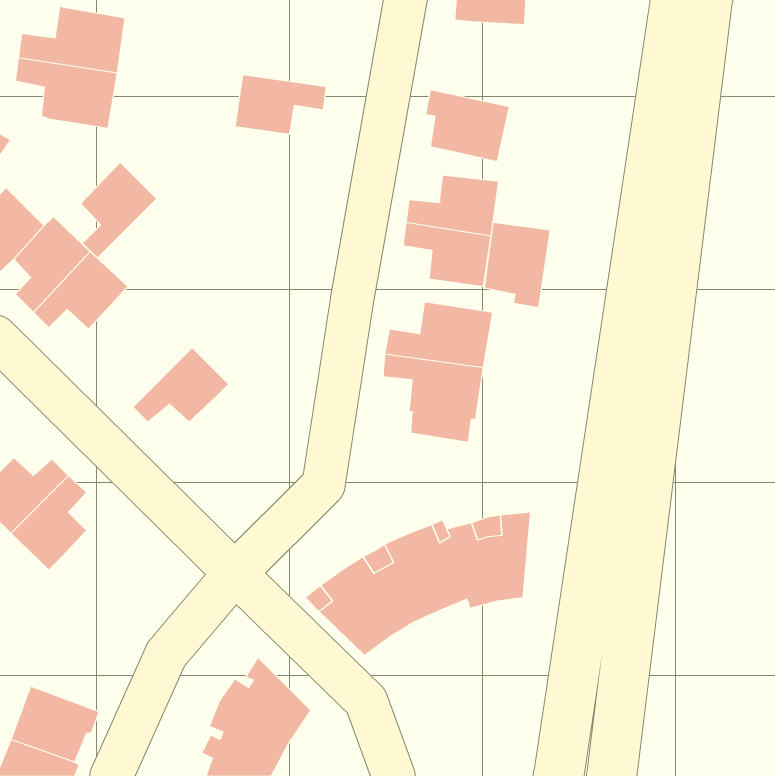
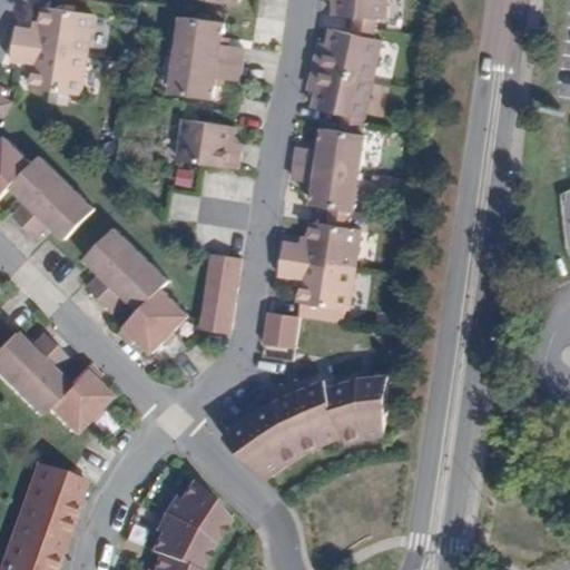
building: none -> [177,16,240,63]
building: none -> [314,28,380,78]
building: none -> [178,118,238,168]
building: [81,162,157,258] -> [85,227,140,297]
building: [484,222,550,308] -> none
building: none -> [200,254,240,331]
building: none -> [117,289,186,353]
building: none -> [262,312,297,348]
building: none -> [45,364,107,433]
building: none -> [22,463,82,520]

